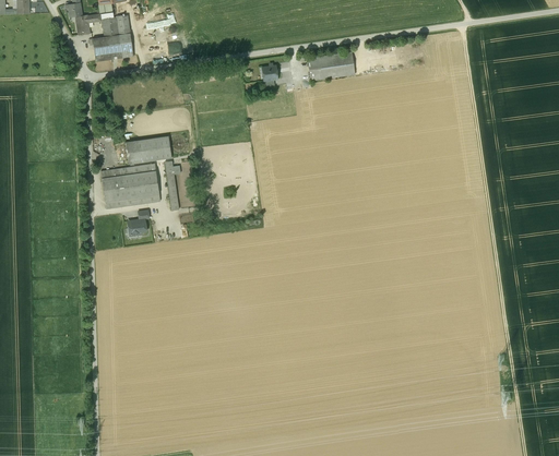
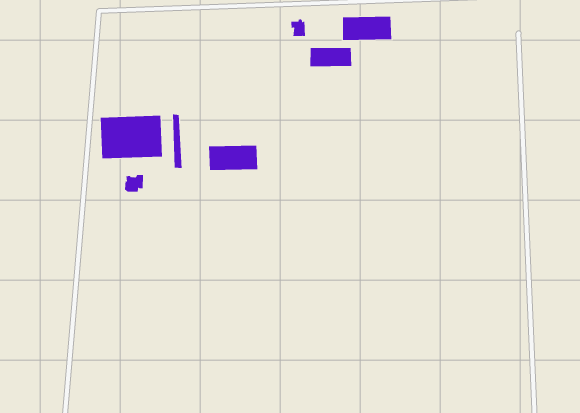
building: none -> [310,47,352,67]
building: [124,136,171,164] -> [208,145,258,171]

